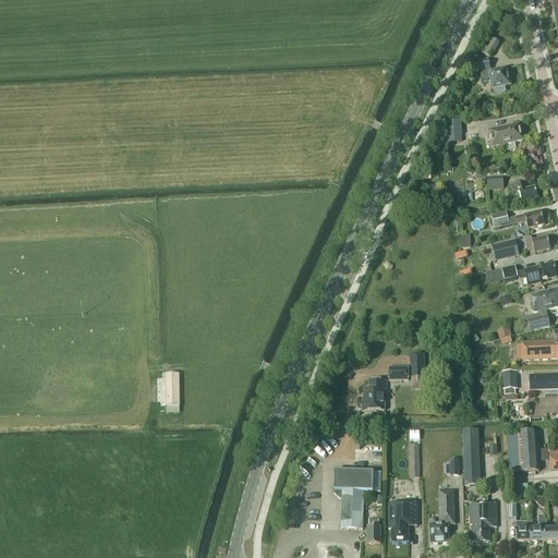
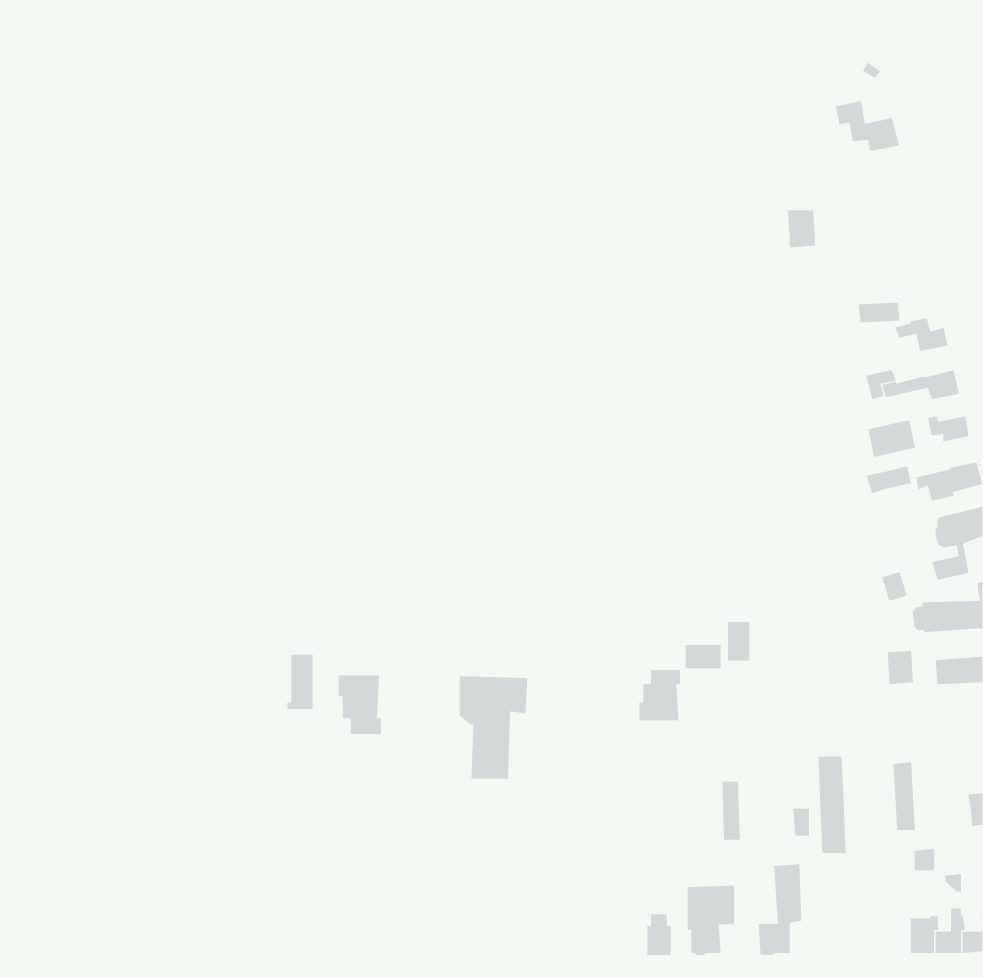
building: [488,122,523,145] -> none
building: none -> [338,675,382,735]
building: [518,430,538,470] -> none
building: [333,469,373,527] -> [459,676,528,779]
building: [470,501,497,541] -> none

